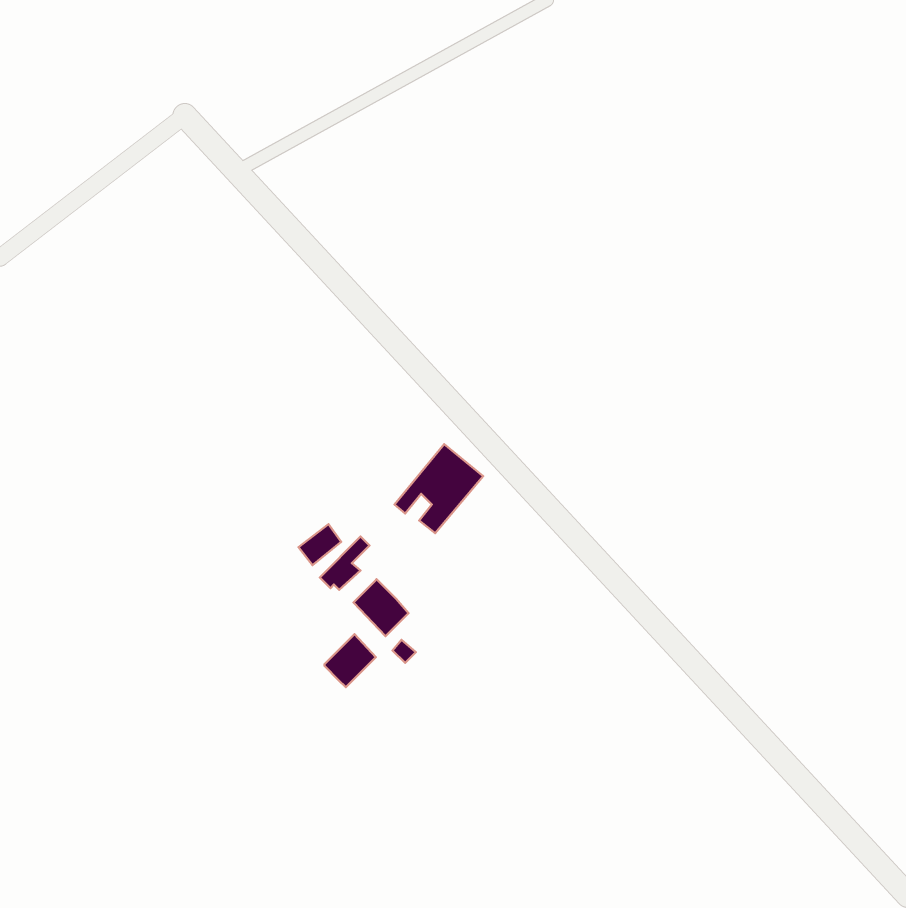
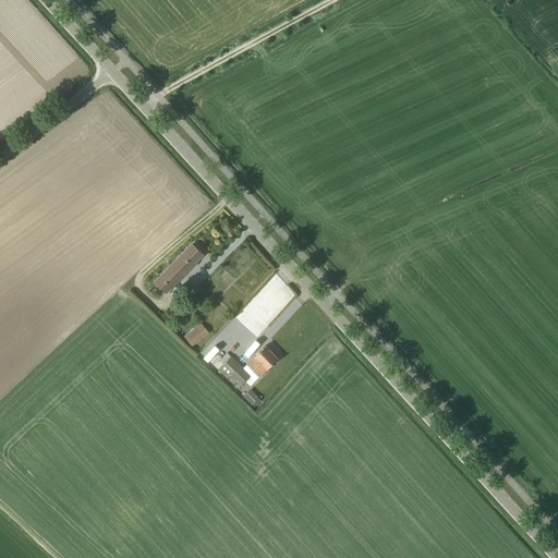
building: none -> [155,243,205,293]
building: [324,634,376,687] -> [247,344,279,377]

